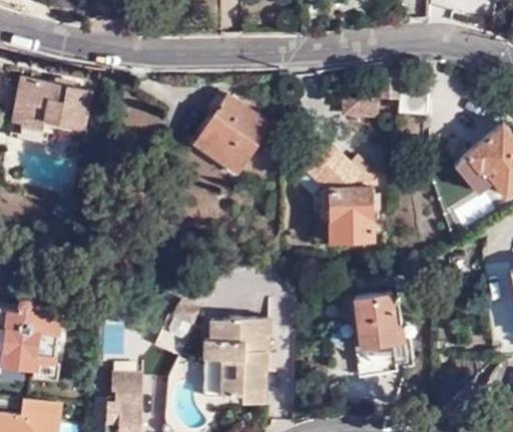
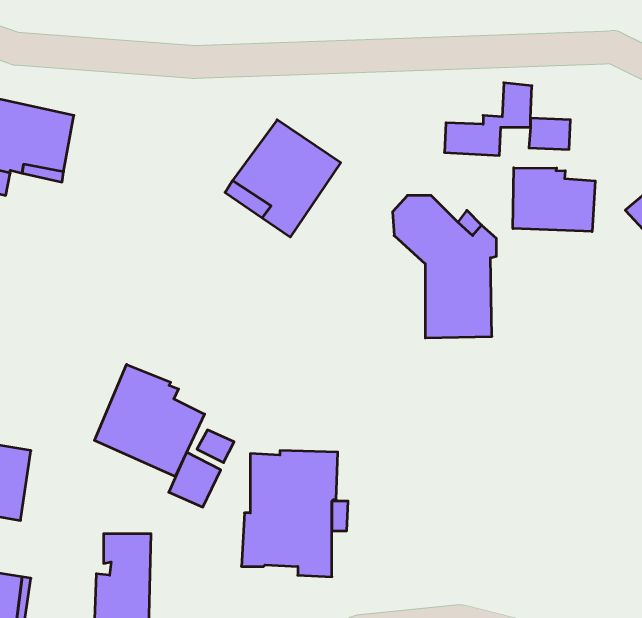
building: none -> [513,168,595,232]
building: none -> [94,364,205,476]
building: [353,294,405,373] -> none

